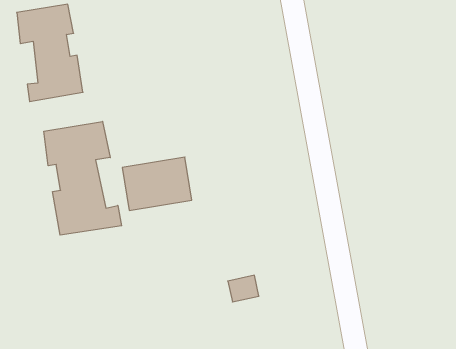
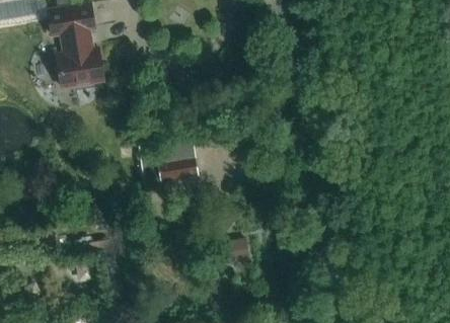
building: [44,121,122,235] -> none

